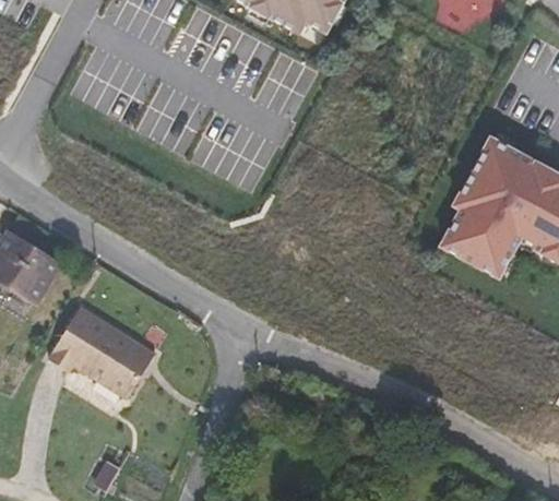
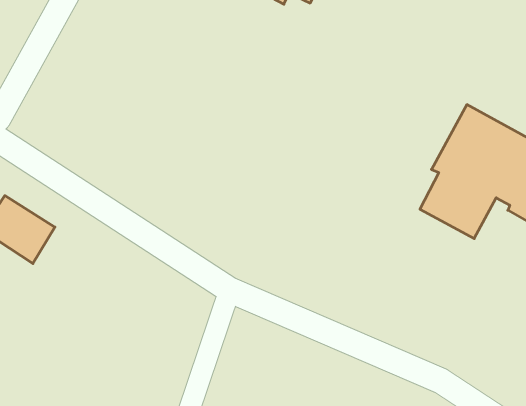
building: [49,306,155,397] -> none

